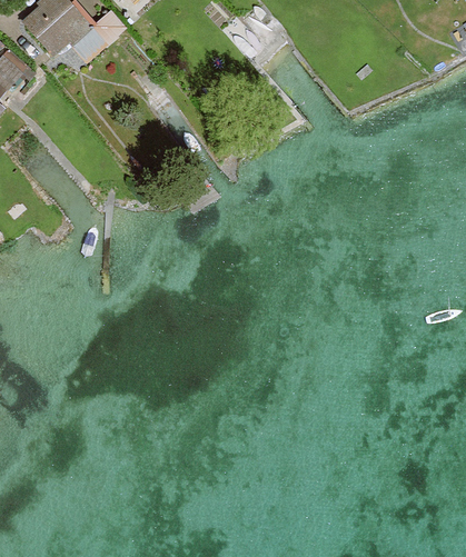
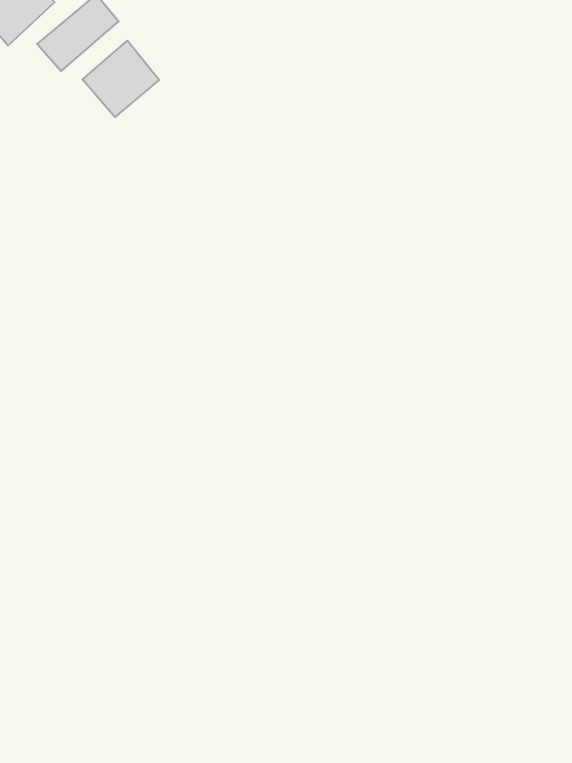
building: none -> [82,41,159,117]

